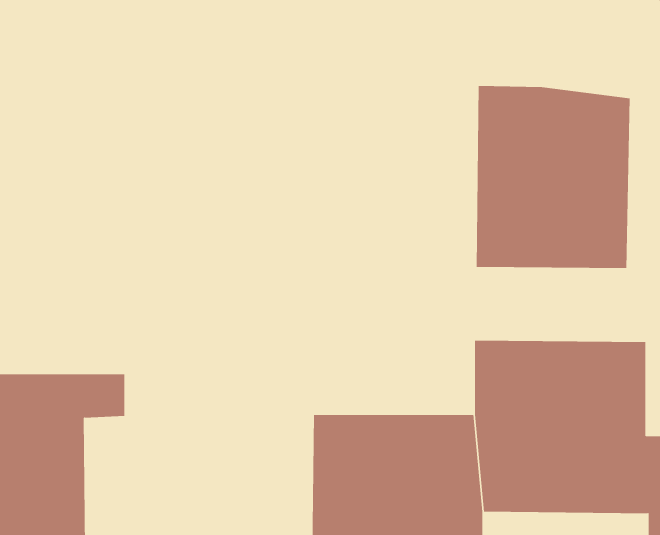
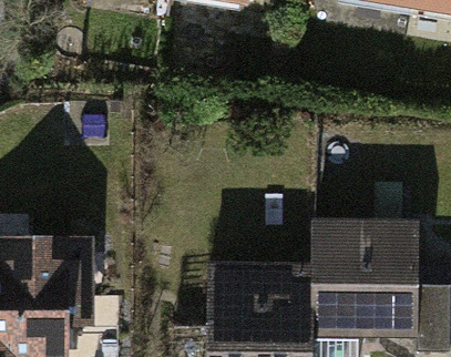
building: [476,85,630,269] -> none

